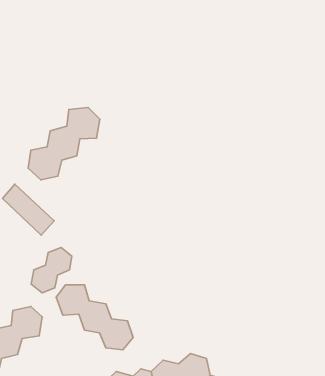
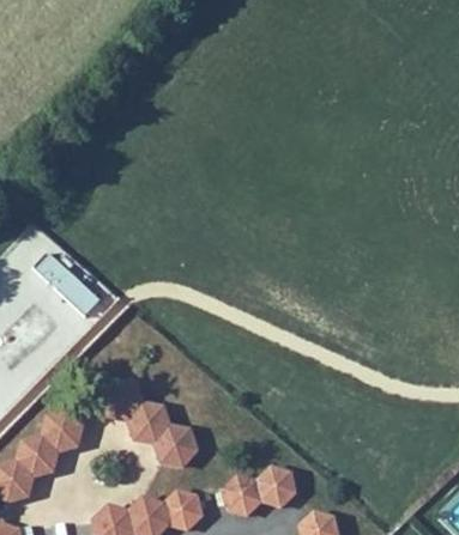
building: [28,108,100,180] -> none
building: [31,248,72,293] -> none

